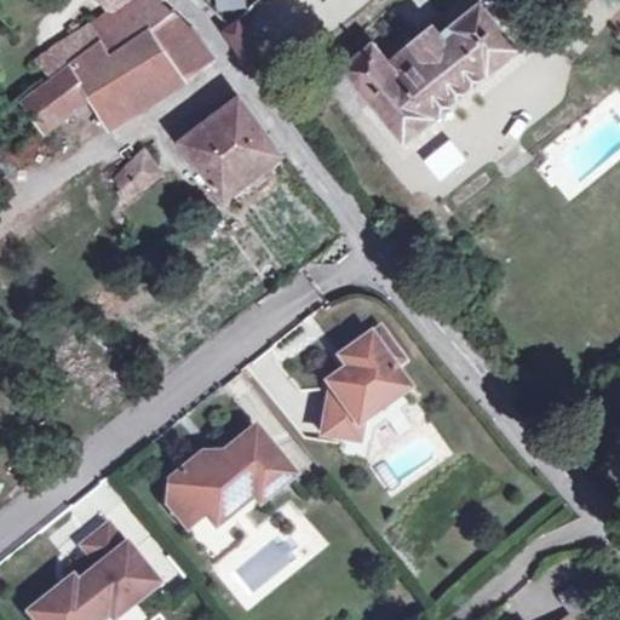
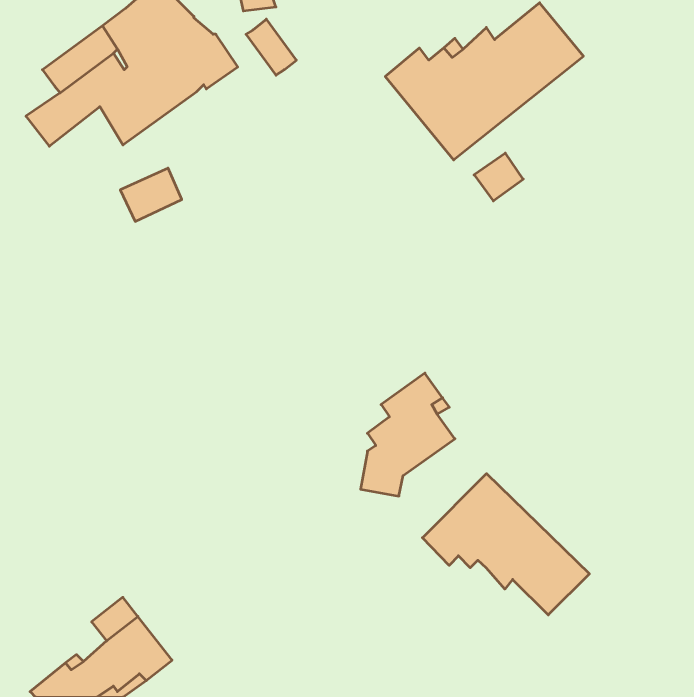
building: [180,98,281,199] -> none
building: none -> [422,474,589,615]
building: [165,430,289,528] -> none

